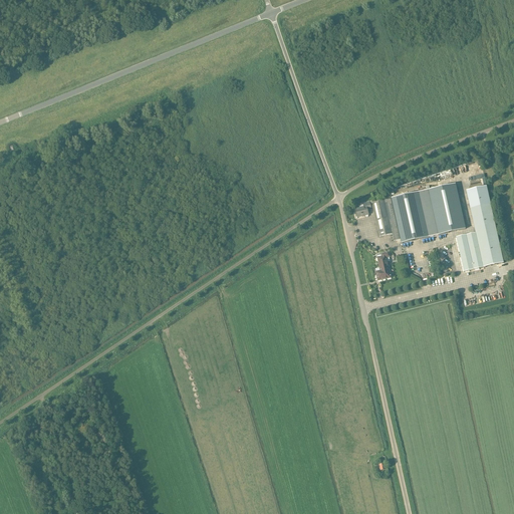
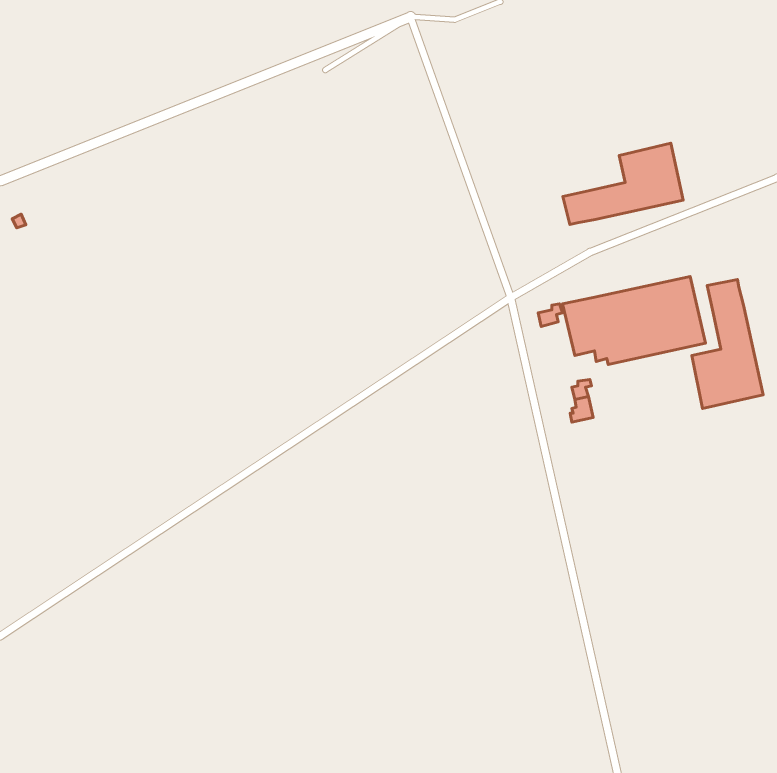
building: none -> [563,143,683,225]

